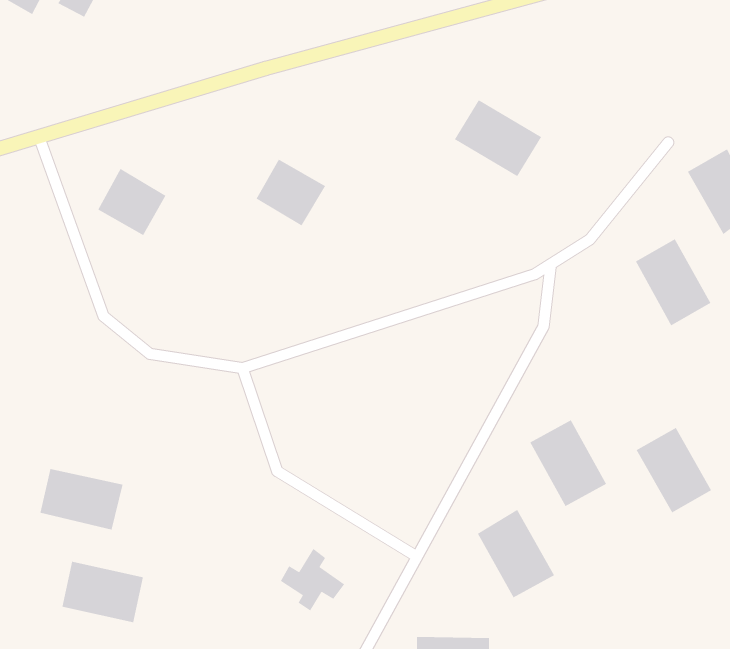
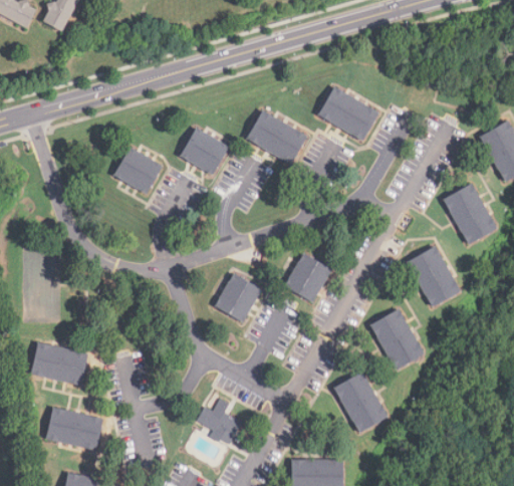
building: none -> [246,110,306,164]
building: [97,168,167,236] -> [113,147,162,194]
building: none -> [284,253,331,302]
building: none -> [215,273,261,322]
building: [636,427,712,514] -> [407,246,460,306]

